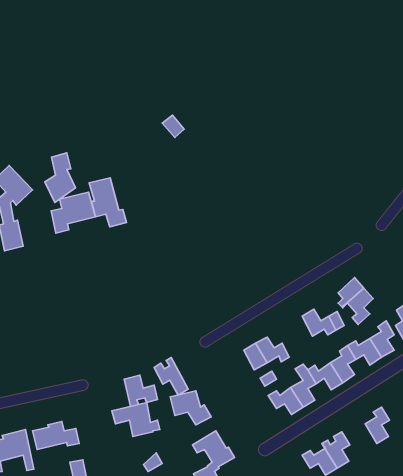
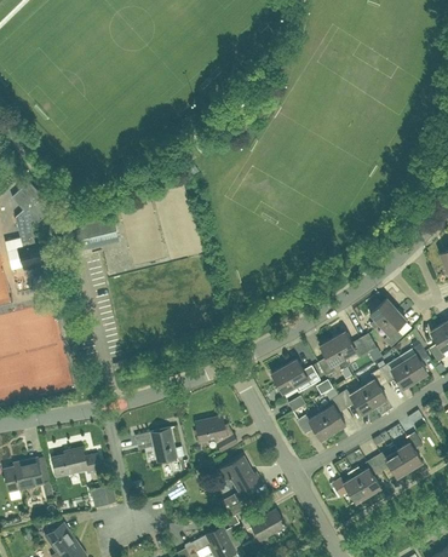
building: [45,153,75,202] -> none
building: [89,178,127,227] -> none
building: none -> [317,338,348,375]
building: [154,357,188,395] -> none
building: [124,375,157,406] -> none
building: none -> [373,444,409,477]

